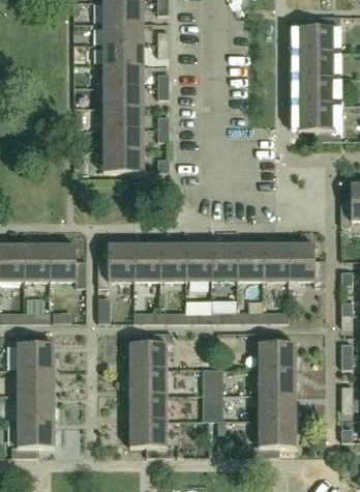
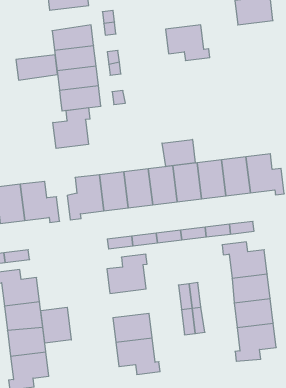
building: [102,64,144,86] -> [16,55,57,80]
building: [297,104,339,139] -> [166,25,210,61]
building: none -> [53,108,90,148]
building: none -> [162,139,195,167]
building: [129,368,168,394] -> none
building: none -> [41,307,71,343]

